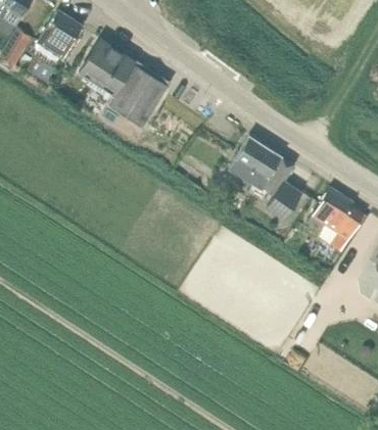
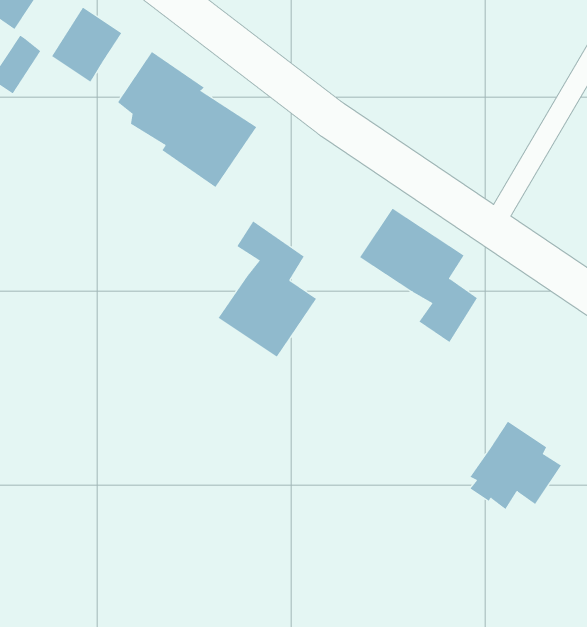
building: none -> [218,220,317,358]
building: [306,188,364,243] -> [470,421,562,510]

